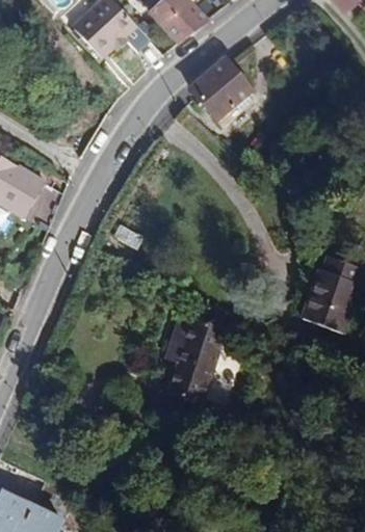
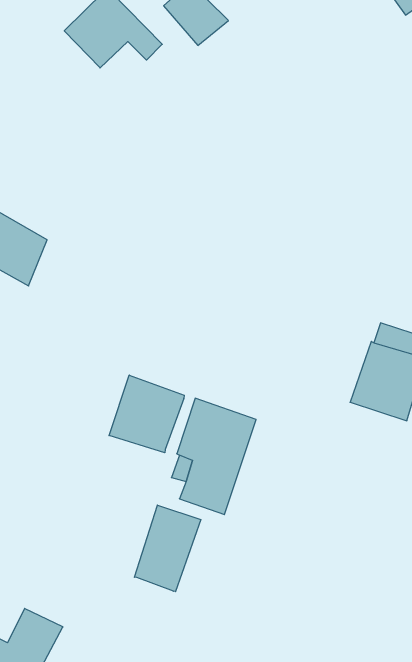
building: [187,59,256,129] -> none
building: none -> [109,375,184,453]
building: none -> [134,505,201,592]

